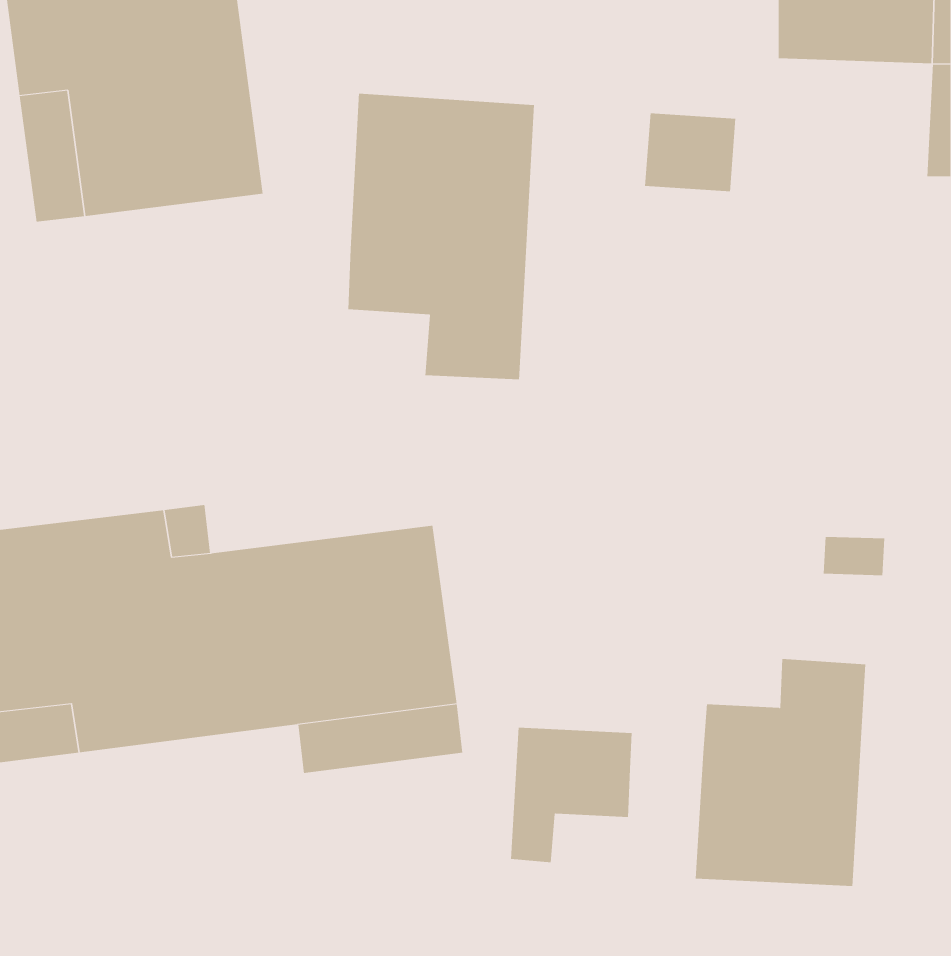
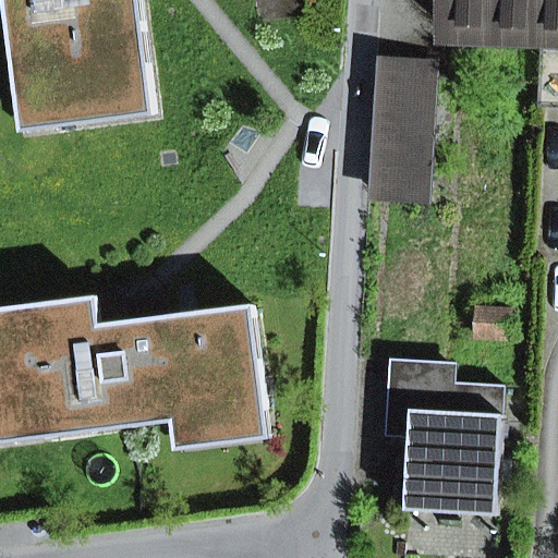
building: [348,93,535,380] -> none
building: none -> [368,108,423,191]
building: [510,727,633,863] -> [383,357,453,436]

